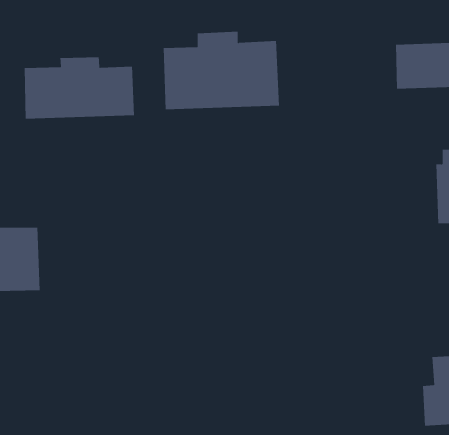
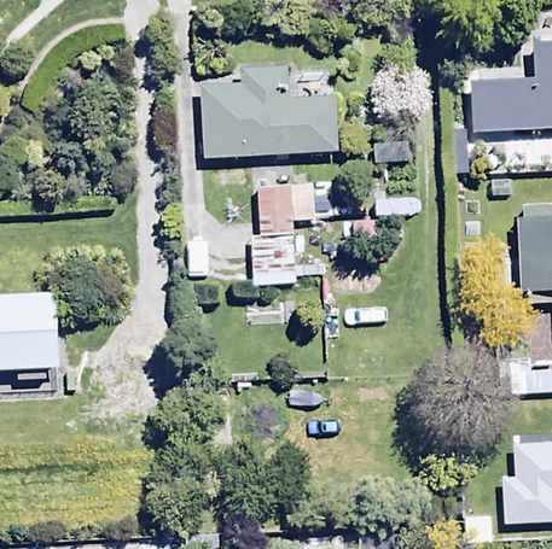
building: [24,57,134,120] -> none
building: none -> [252,186,318,284]

